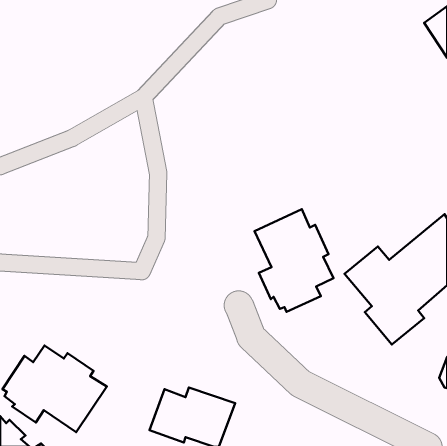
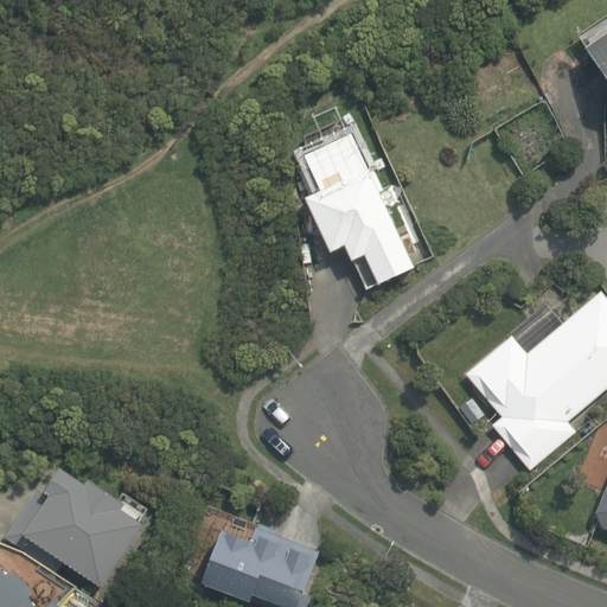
building: none -> [304,140,413,285]
building: [254,209,333,312] -> none

